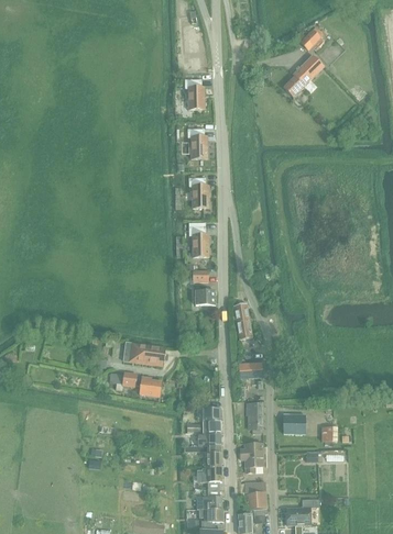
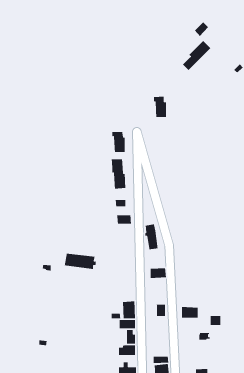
building: [183,80,203,109] -> none
building: [186,129,205,158] -> [153,96,167,118]
building: [108,372,161,397] -> none
building: [240,444,262,472] -> none

